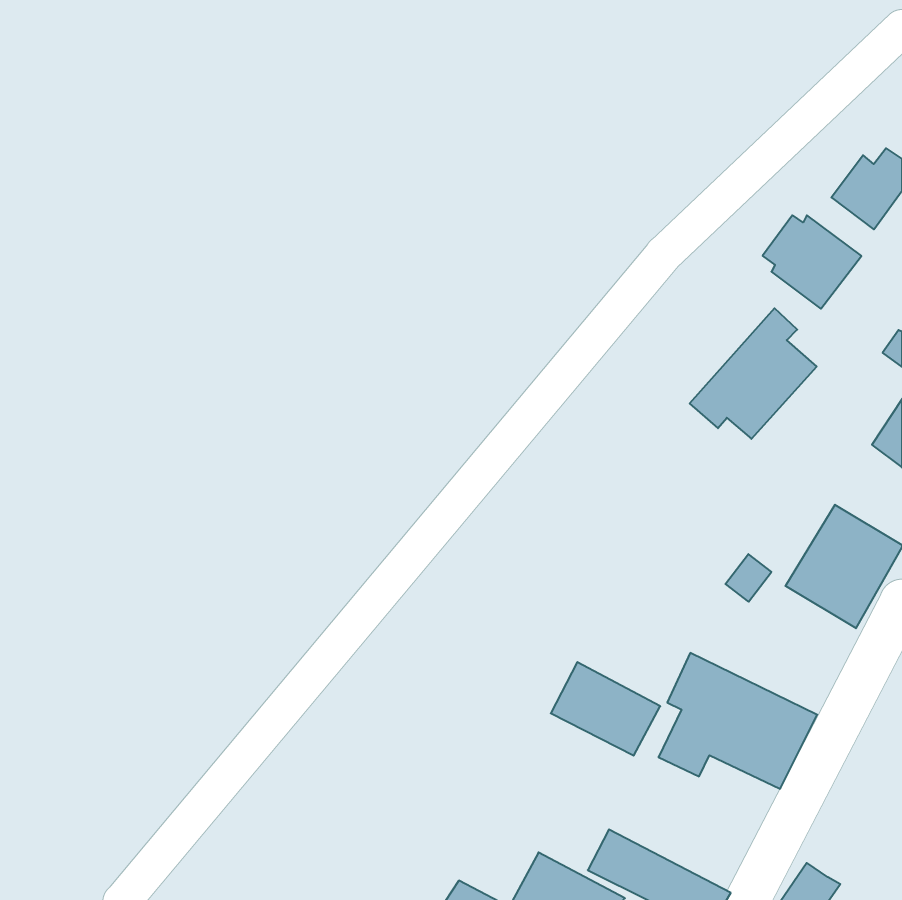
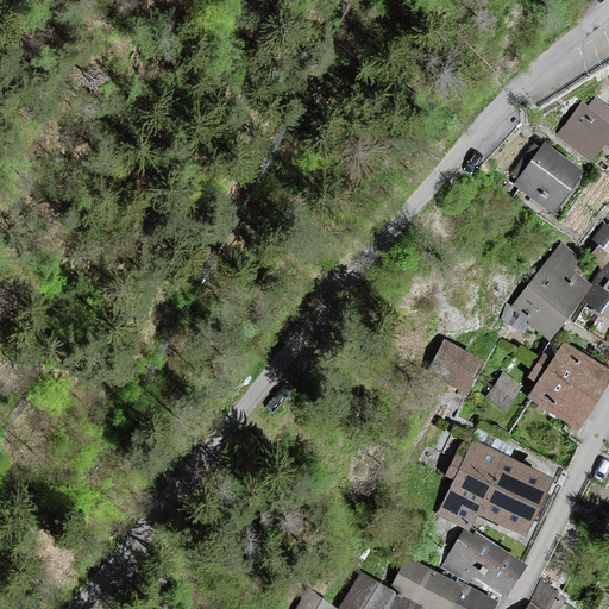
building: [690,308,817,439] -> [506,247,591,335]
building: none -> [432,343,479,391]
building: [551,662,660,756] -> [447,530,521,594]

